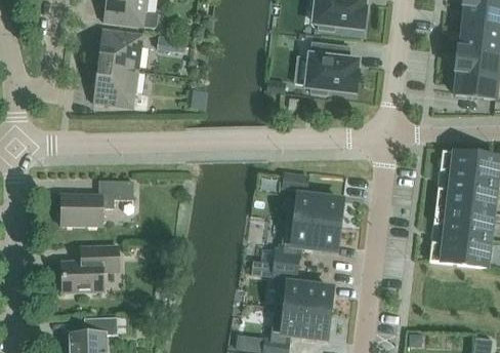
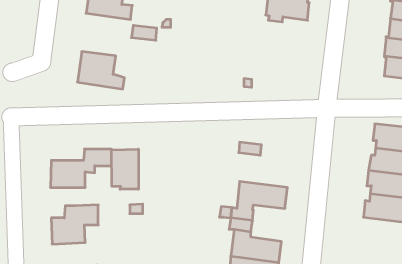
building: [98,29,143,71] -> none
building: [295,43,359,95] -> none
building: none -> [111,149,138,189]
building: [284,195,343,226] -> none

